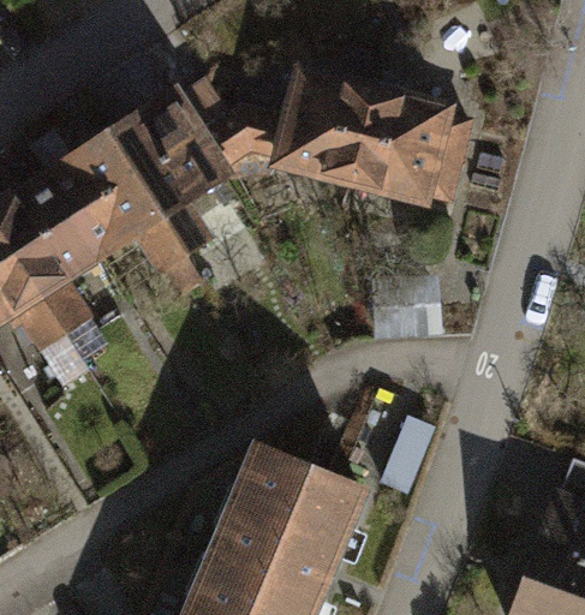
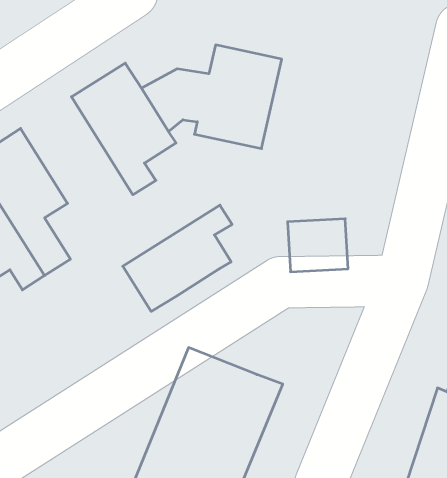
building: [342,80,465,211] -> none
building: [41,127,195,288] -> none
building: none -> [123,205,232,311]

